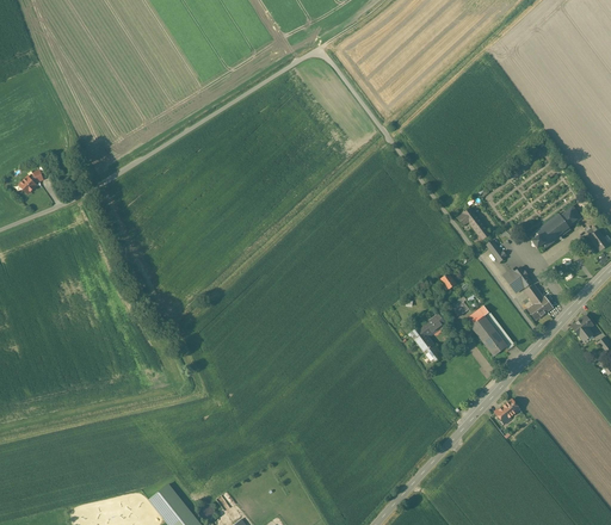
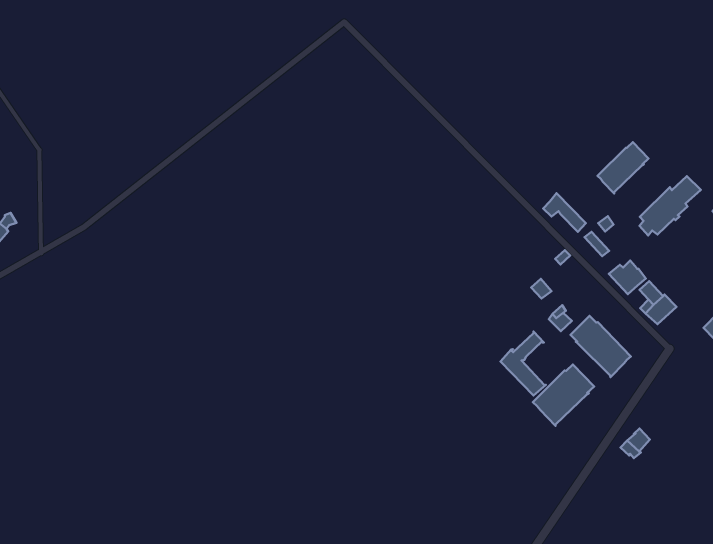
building: none -> [597,142,648,193]
building: none -> [533,365,594,426]

